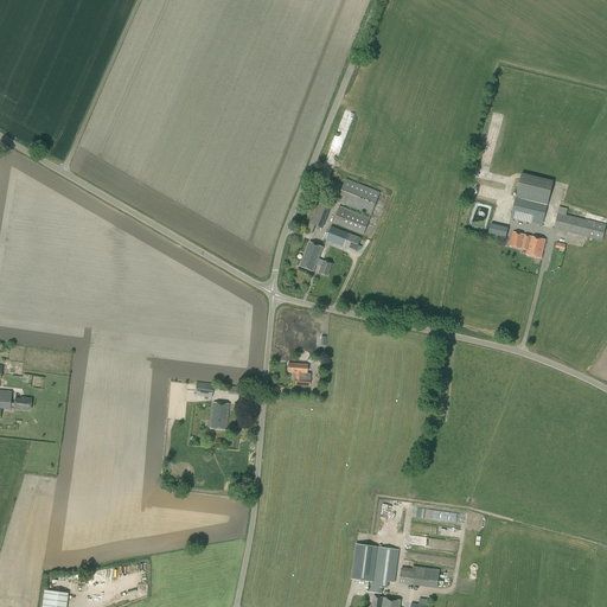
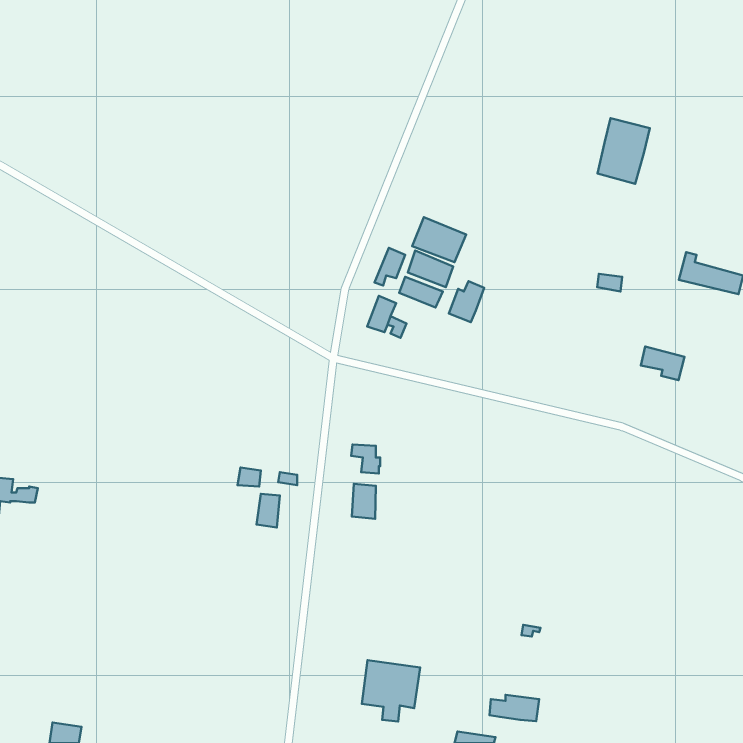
building: [510,172,552,225] -> [597,118,650,184]
building: none -> [449,281,484,322]
building: [509,230,544,257] -> [641,347,684,380]
building: none -> [352,484,376,519]
building: [351,543,398,593] -> [362,660,420,721]

